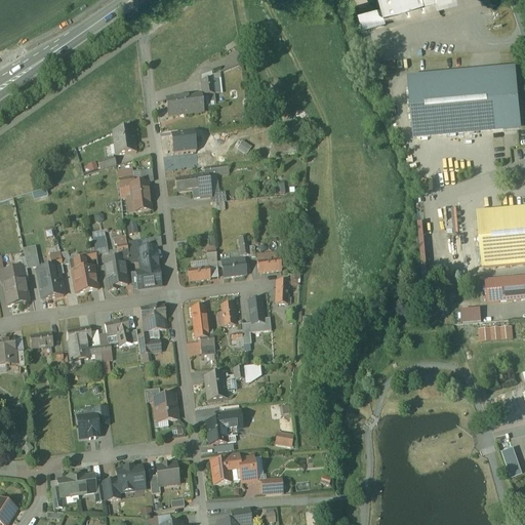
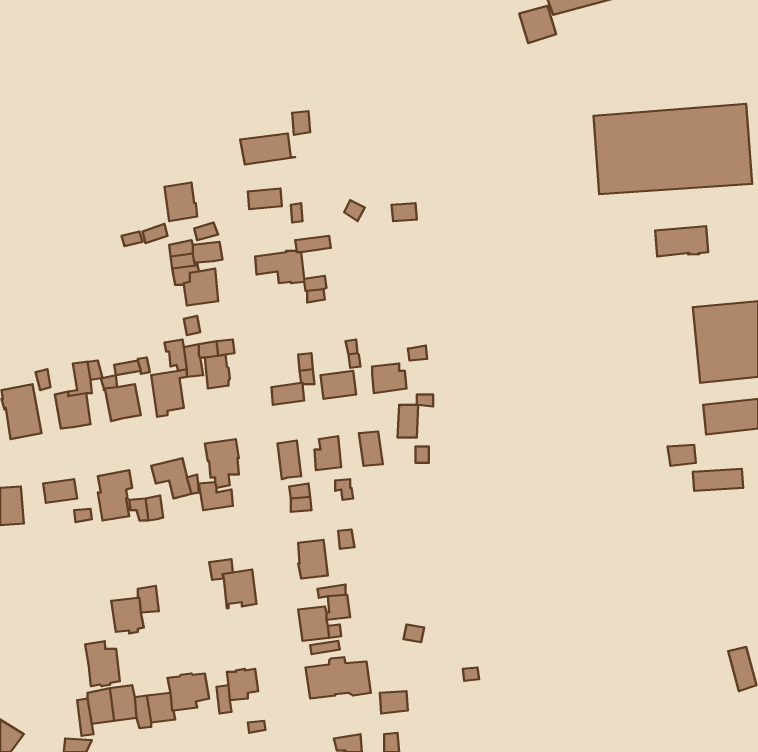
building: none -> [655,226,708,256]
building: [136,267,161,286] -> none
building: none -> [85,641,120,686]

